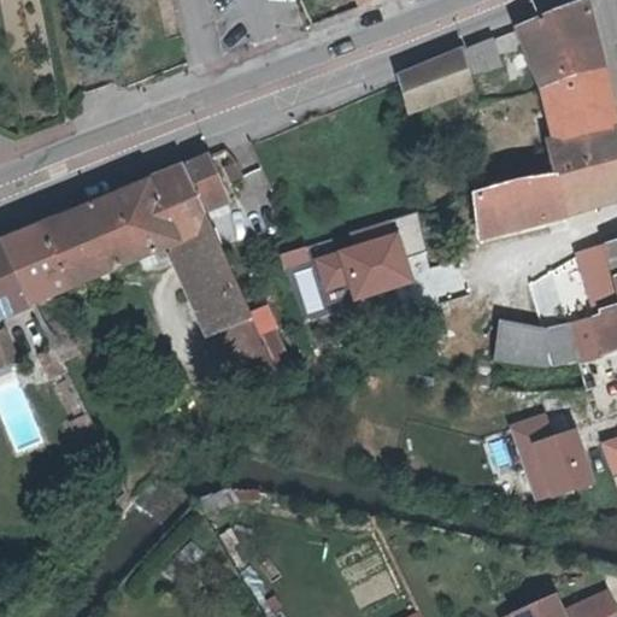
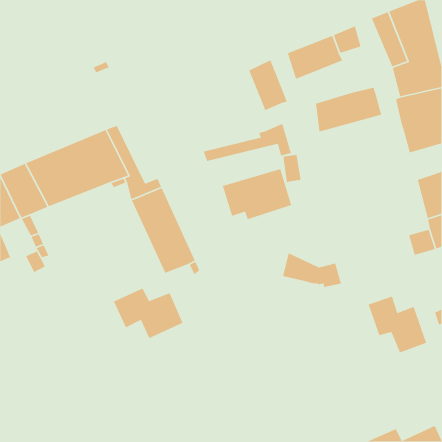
building: none -> [248,59,288,111]
building: [163,155,228,254] -> none
building: none -> [203,123,292,162]
building: [476,174,569,237] -> [315,87,382,133]
building: [493,312,576,362] -> [282,252,342,288]
building: none -> [113,287,184,339]

